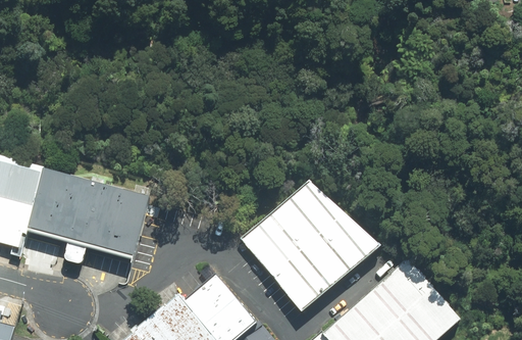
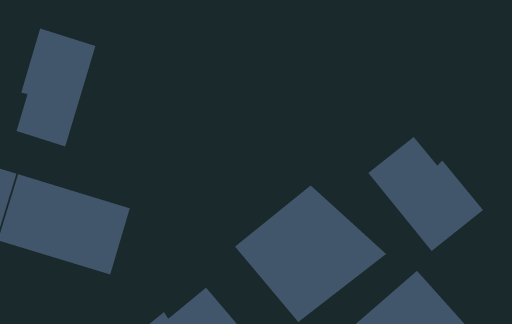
building: none -> [15,28,97,147]
building: none -> [367,136,484,252]

